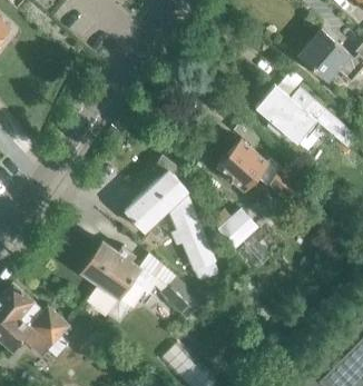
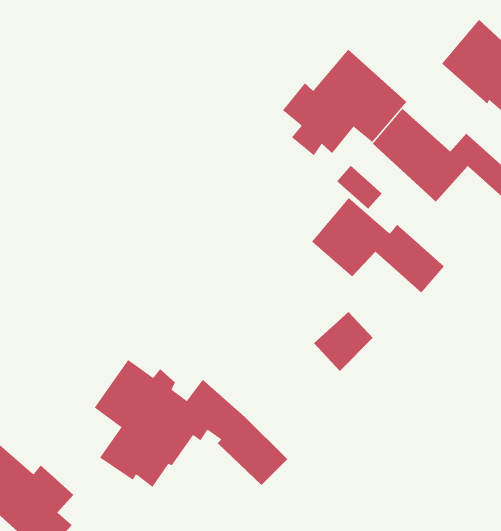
building: none -> [282,49,407,156]
building: [125,156,215,270] -> none

